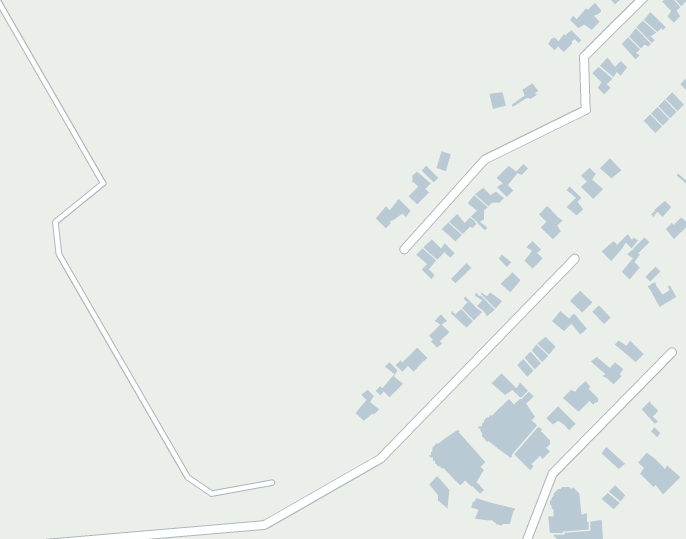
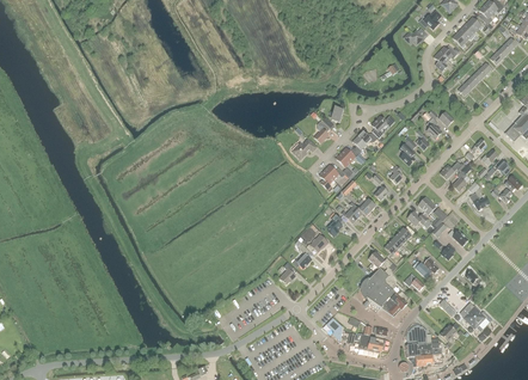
building: [428,429,486,495] -> none

